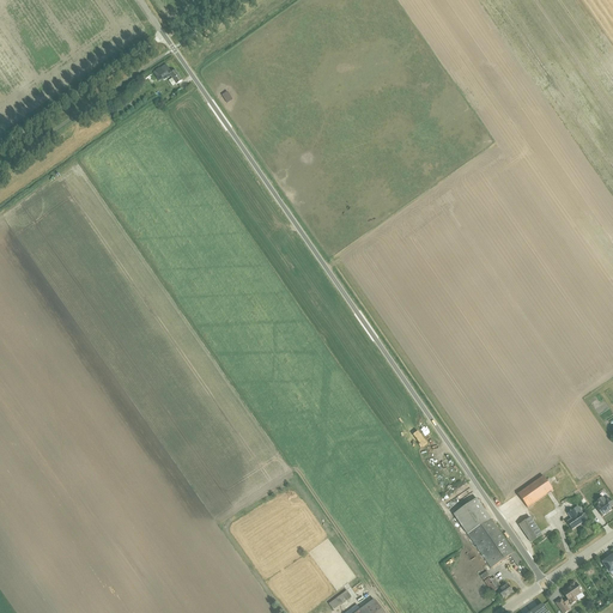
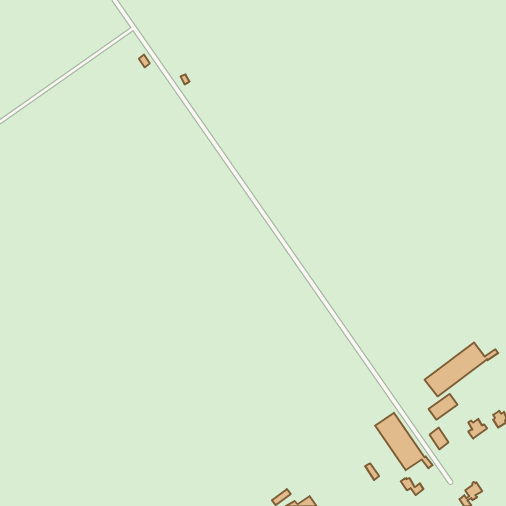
building: none -> [425,342,498,396]

